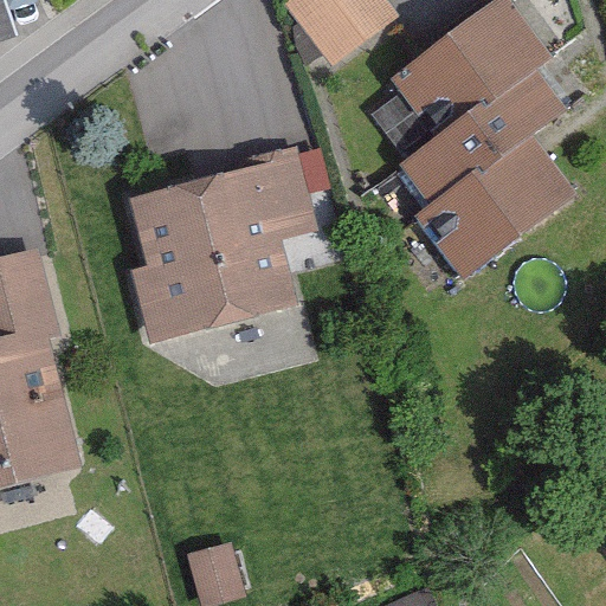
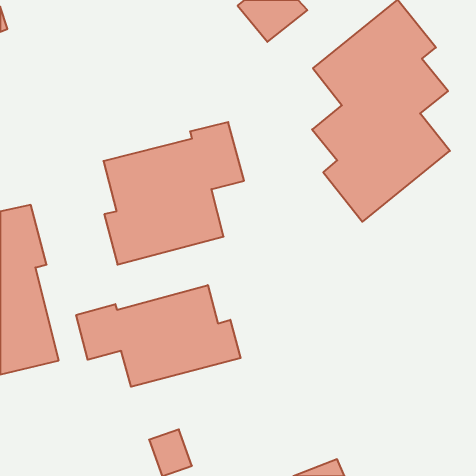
building: none -> [76,285,241,387]

